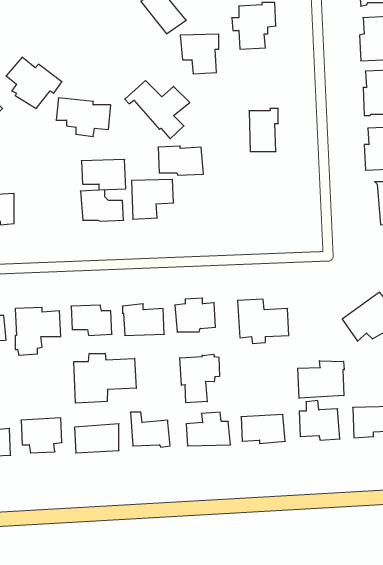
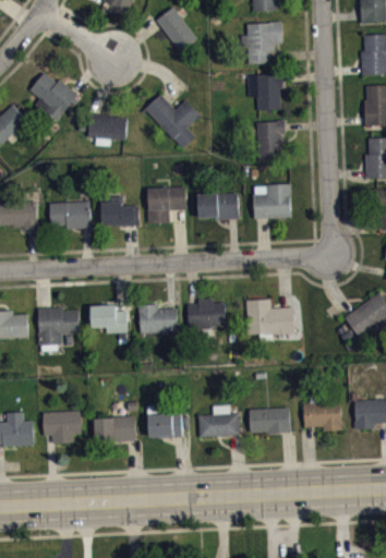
building: [180,34,219,74] -> [246,73,282,110]
building: [158,146,203,175] -> [197,192,240,219]
building: [81,160,126,190] -> [49,201,91,229]
building: none -> [253,183,292,218]
building: [74,353,136,403] -> none
building: [180,354,220,403] -> none
building: [298,361,344,398] -> none

